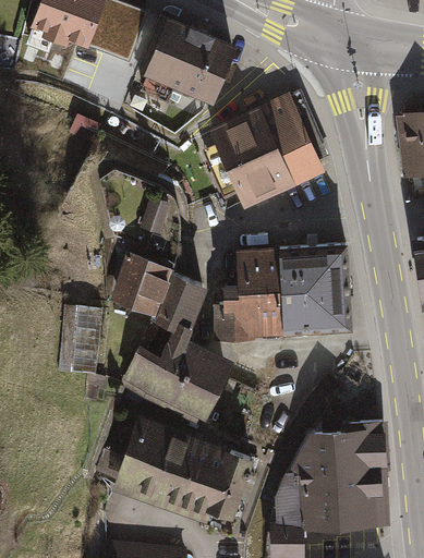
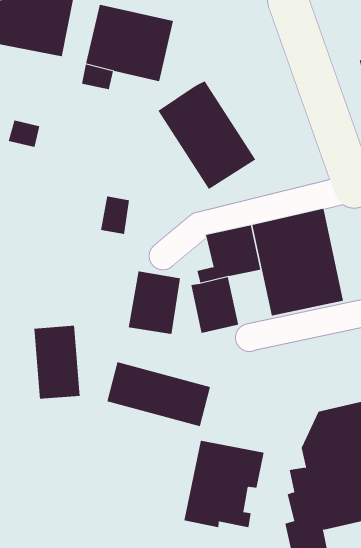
building: [257,94,325,187] -> none
building: [109,250,170,315] -> none
building: [250,289,282,335] -> none
building: [135,331,231,388] -> none
building: [109,411,199,506] -> none

